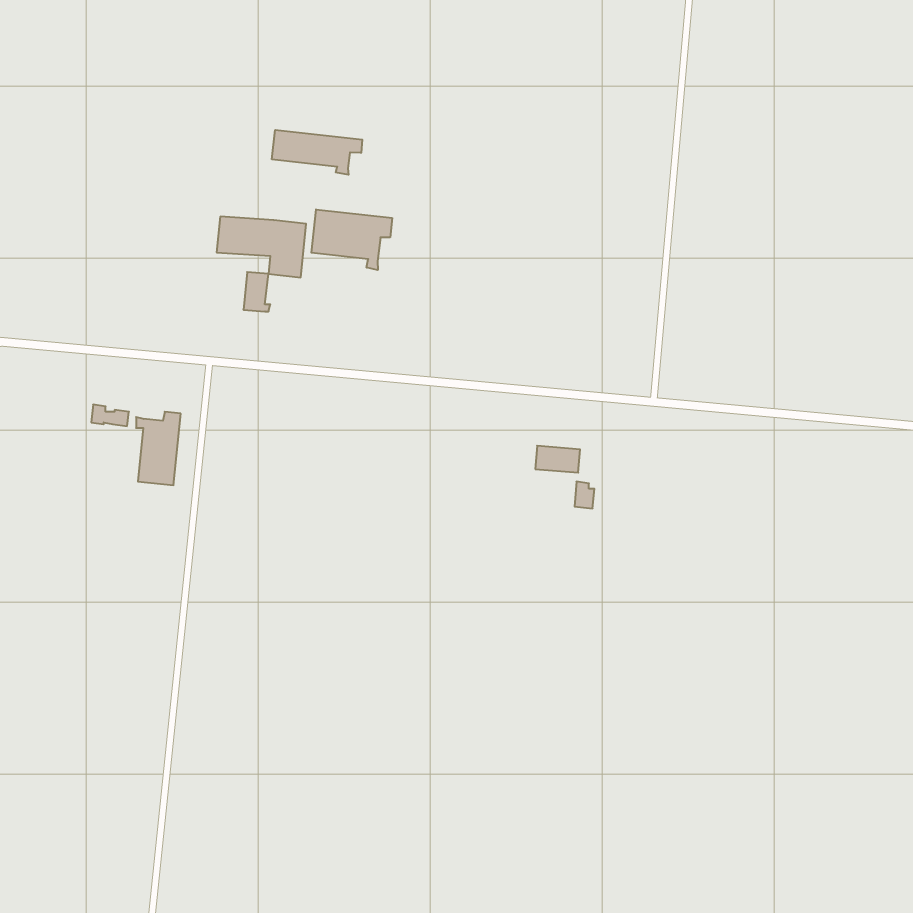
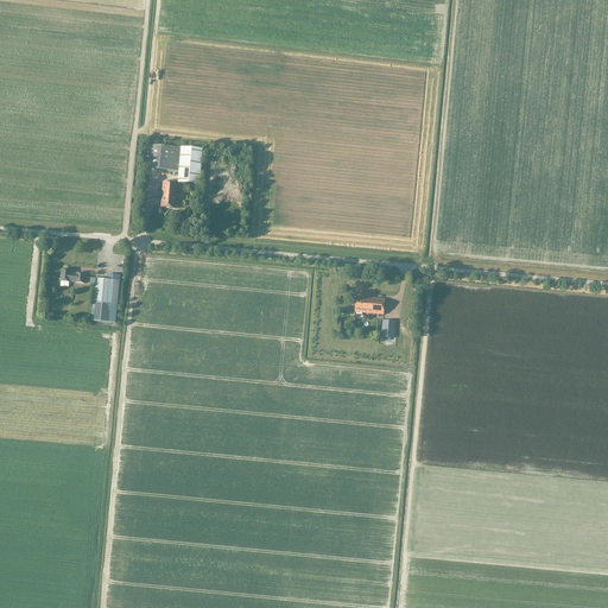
building: [272,130,362,175] -> none
building: [311,209,392,270] -> none

